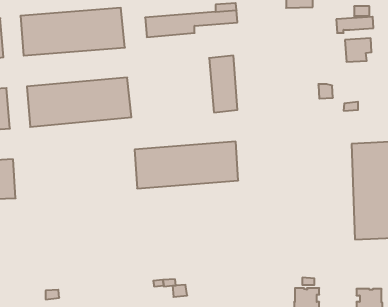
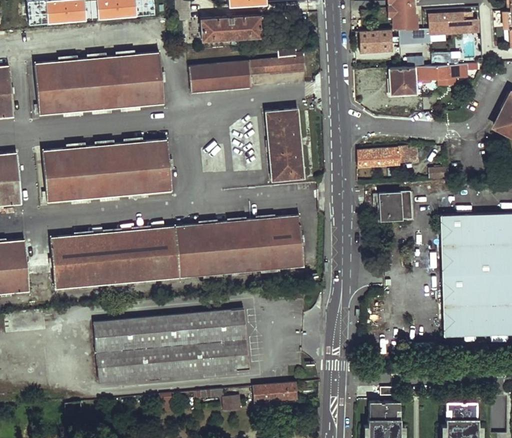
building: [345,38,372,62] -> [391,68,424,97]
building: none -> [359,150,402,167]
building: none -> [381,195,412,222]
building: none -> [49,230,175,287]
building: none -> [92,305,247,380]
building: none -> [253,383,296,402]

